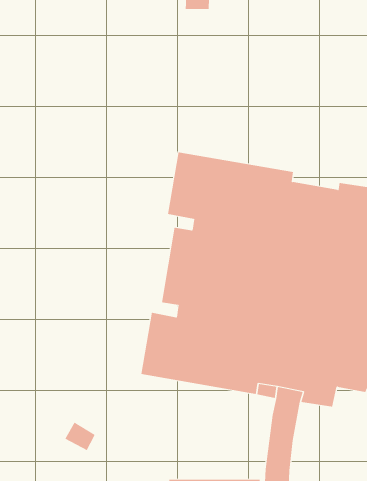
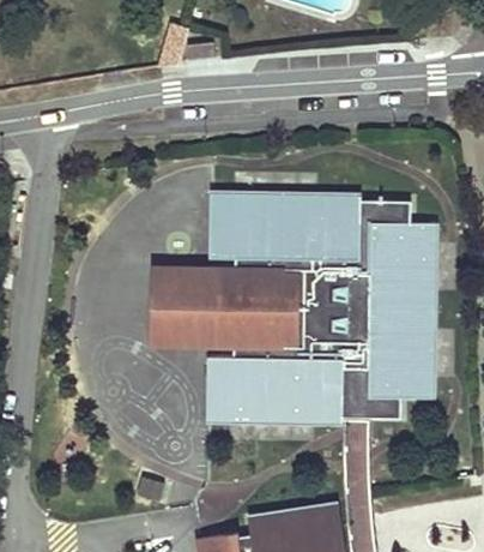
building: none -> [155,269,217,346]

